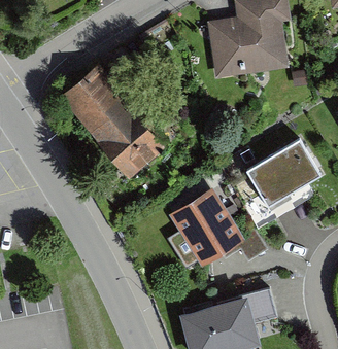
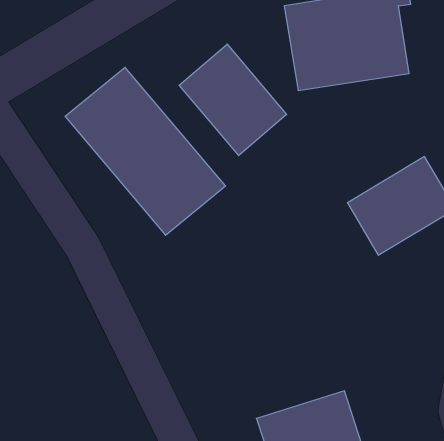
building: none -> [179,44,287,156]
building: [173,182,243,256] -> none

